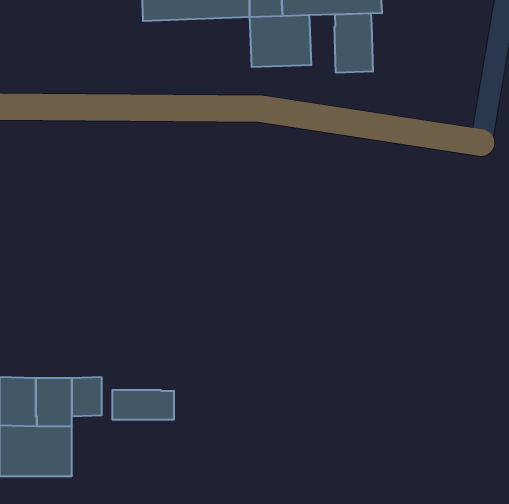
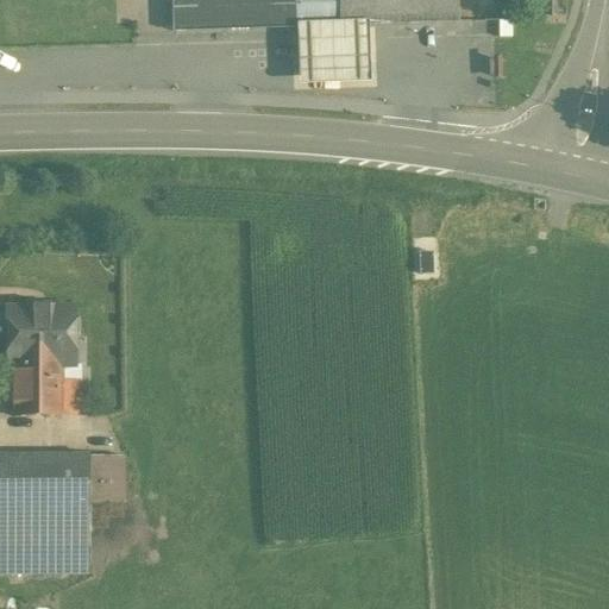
building: [334,13,373,73] -> none
building: none -> [6,299,79,410]
building: [112,390,174,420] -> none

